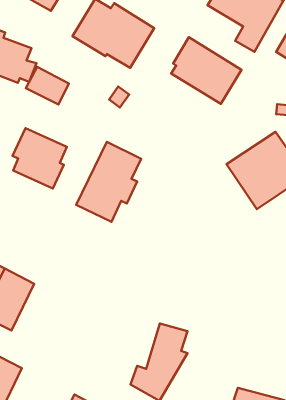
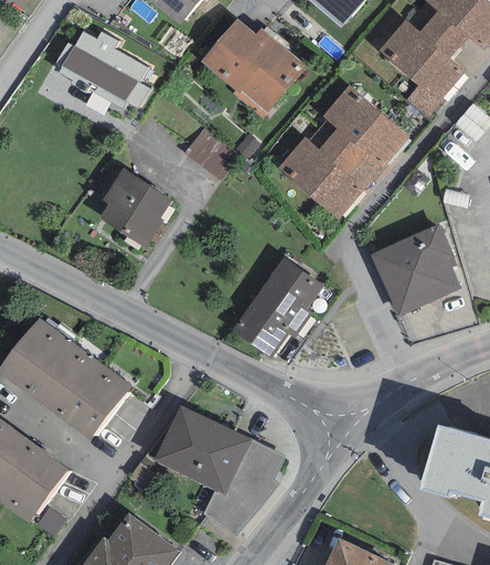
building: [26,67,69,105] -> [184,128,239,180]
building: none -> [278,128,375,218]
building: [76,142,141,222] -> [232,256,323,358]
building: none -> [64,364,131,439]
building: none -> [155,406,253,494]

